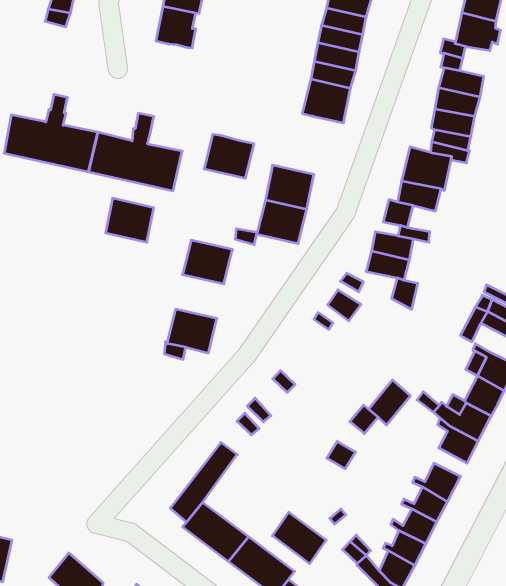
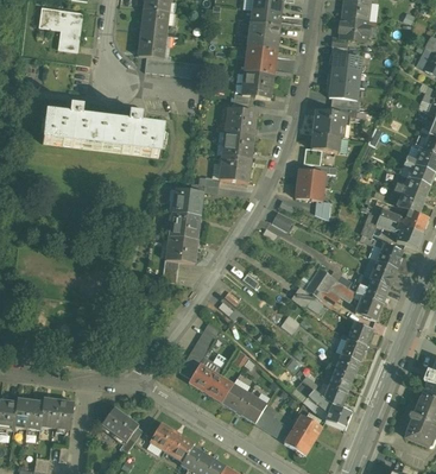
building: [204,134,254,178] -> [225,108,257,135]
building: [106,198,154,242] -> [169,211,200,239]
building: [272,512,326,564] -> none

